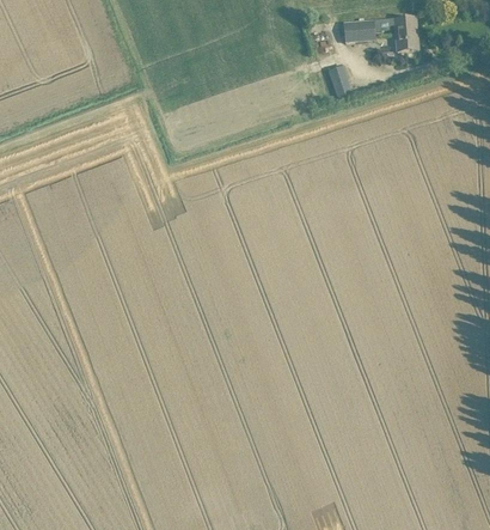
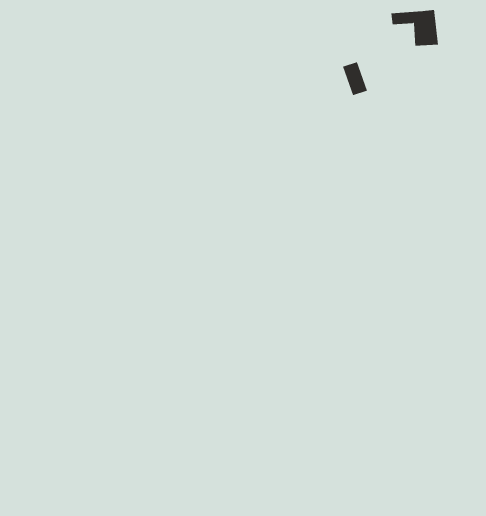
building: [344,19,375,42] -> none

